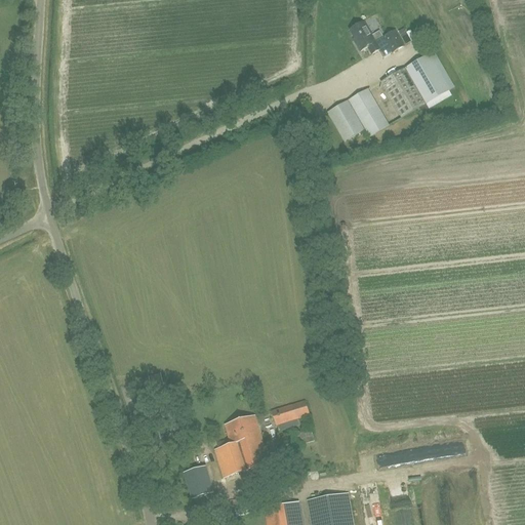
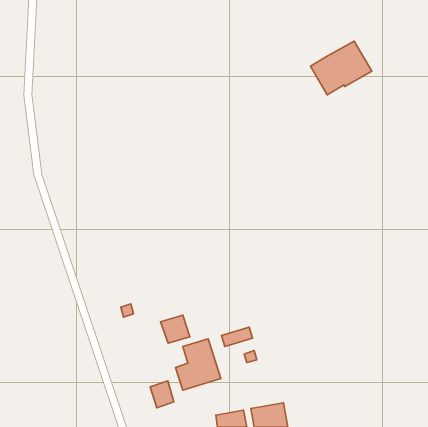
building: [350,21,403,56] -> none
building: [327,88,388,140] -> none
building: none -> [160,315,190,343]

